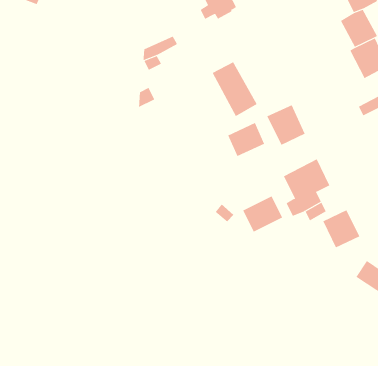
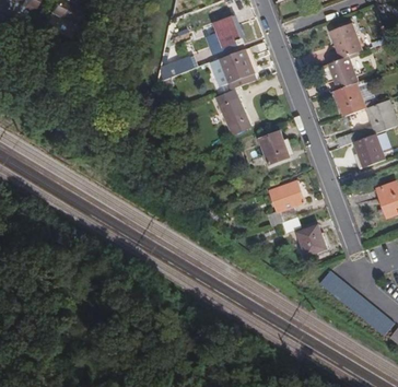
building: none -> [218,48,255,83]
building: [227,122,265,157] -> none
building: [243,195,283,233] -> none

